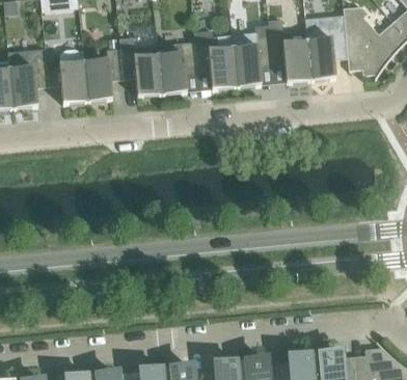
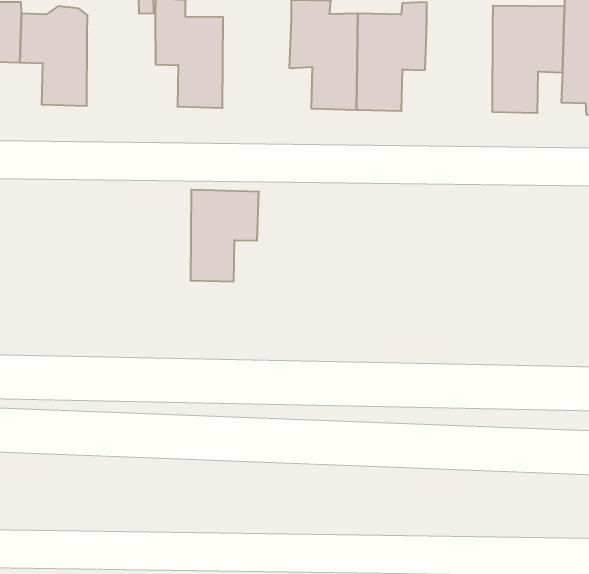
building: [269,31,310,83] -> none
building: [157,42,196,94] -> [190,190,259,281]
building: [83,49,123,102] -> none

